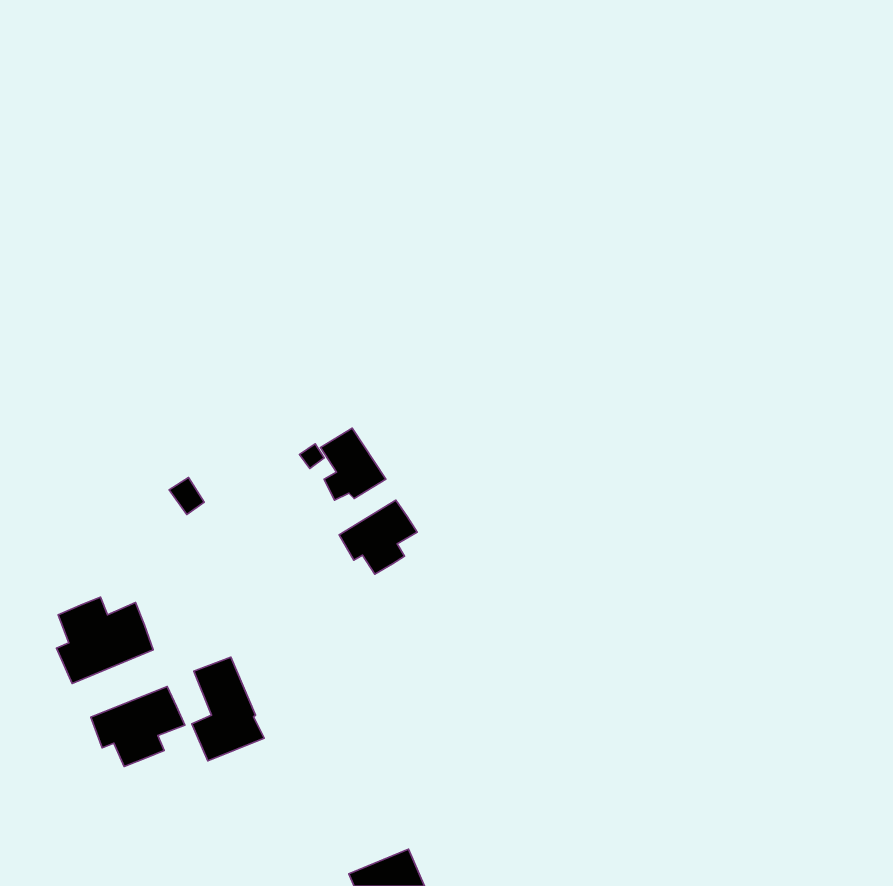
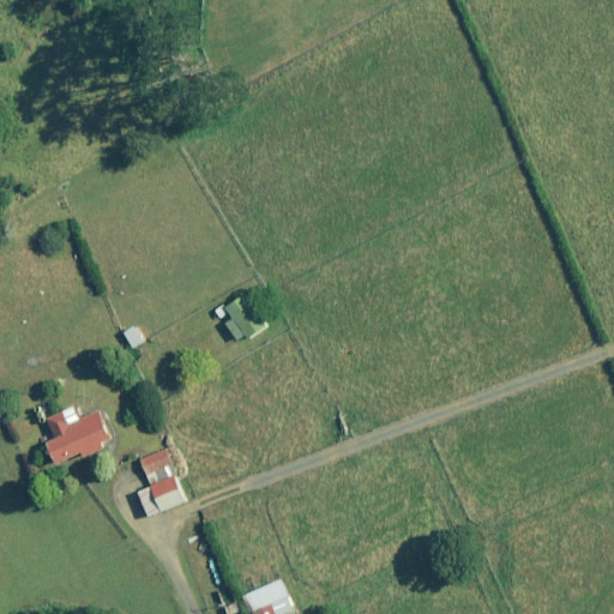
building: [339,500,417,574] -> none
building: [91,686,185,766] -> none

